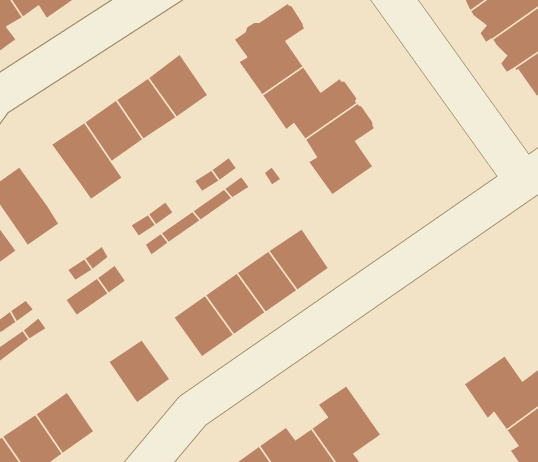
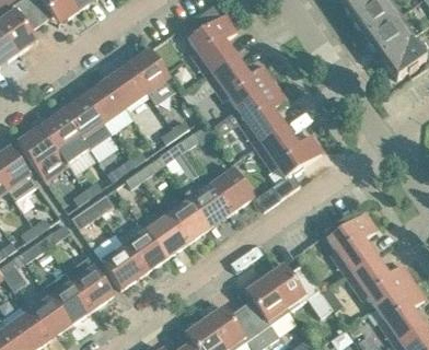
building: none -> [40,110,82,153]
building: none -> [256,126,323,198]
building: none -> [327,212,376,276]
building: none -> [125,230,166,272]
building: none -> [67,257,115,308]
building: none -> [266,262,334,317]

